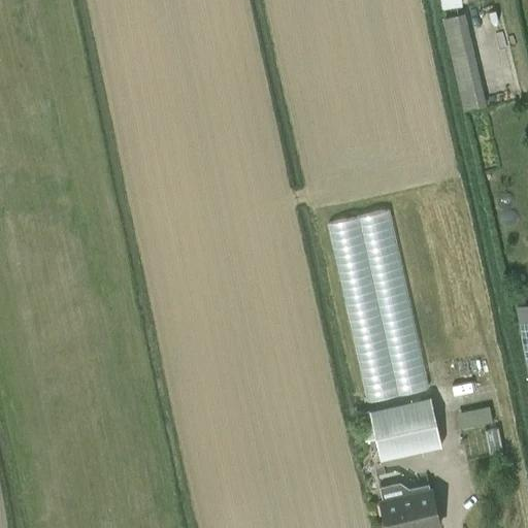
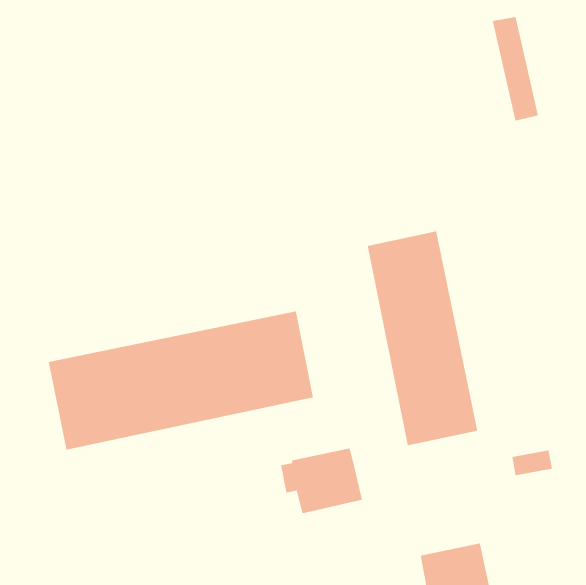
building: none -> [48,310,314,450]
building: [362,400,436,460] -> [280,448,363,514]

